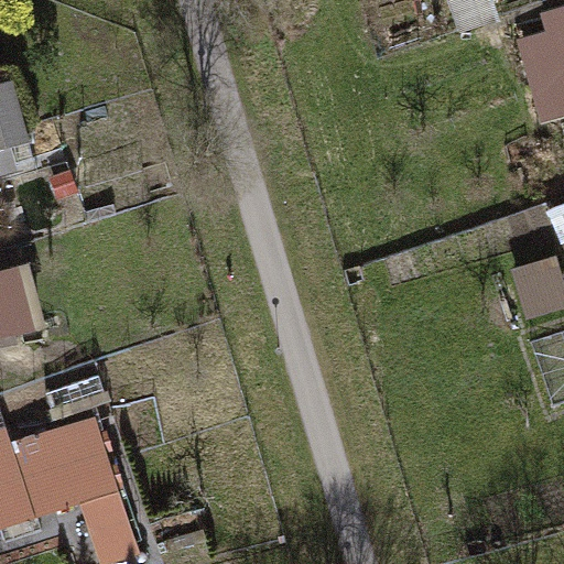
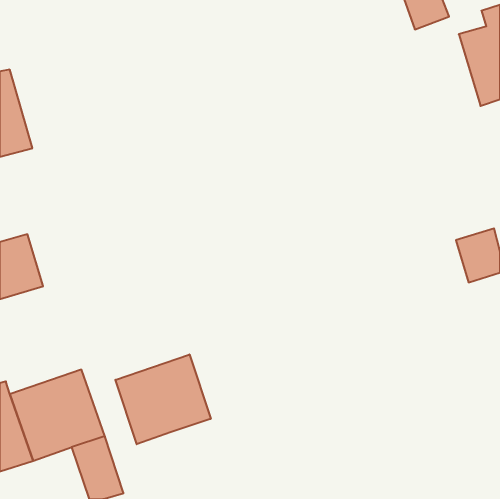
building: none -> [115,354,211,444]

